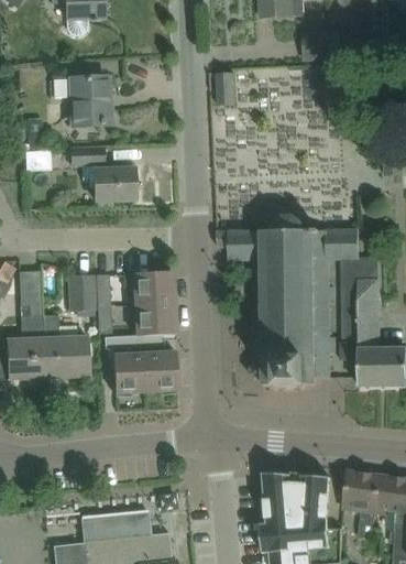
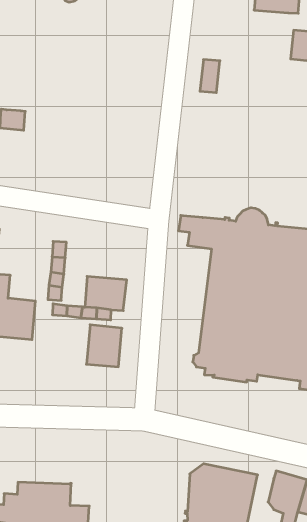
building: [54,77,108,126] -> none
building: [72,148,135,200] -> none
building: [133,271,174,305] -> none
building: [69,275,95,310] -> none
building: [113,352,146,393] -> none

